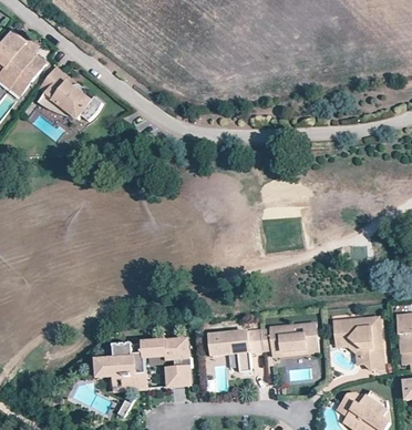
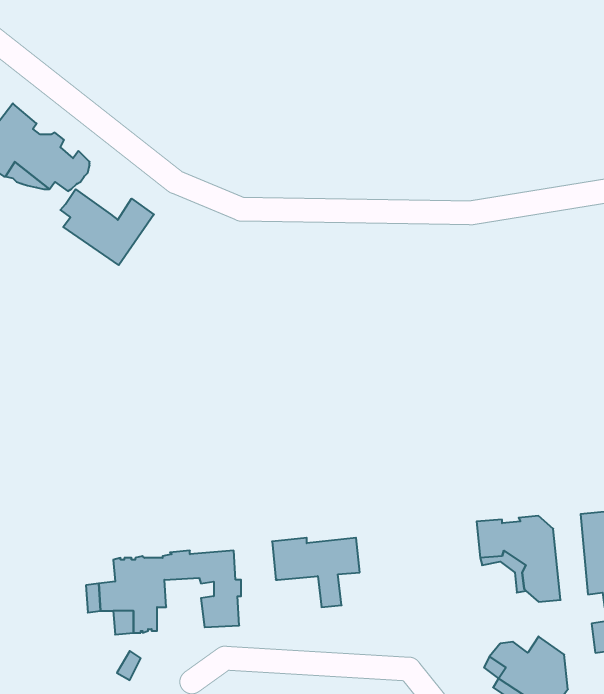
building: none -> [60,189,154,265]
building: [259,324,317,354] -> none

